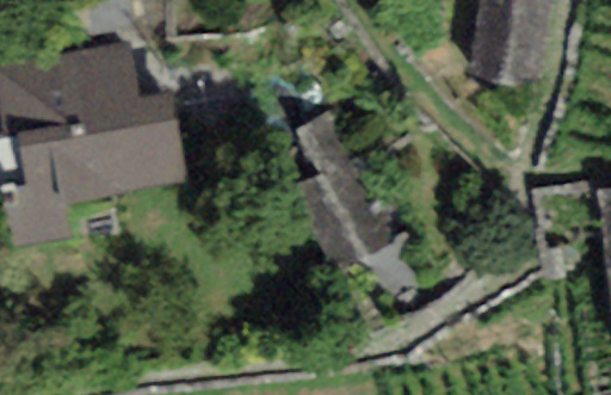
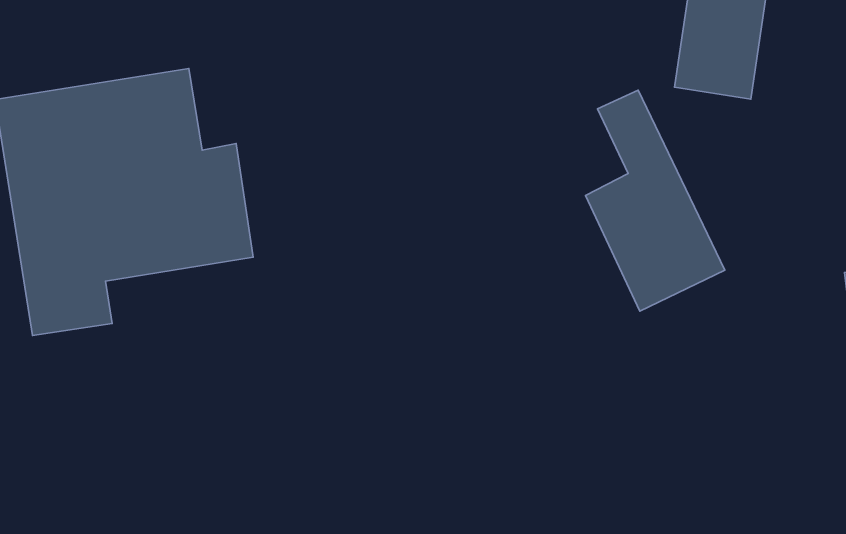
building: [292,112,390,267] -> [586,90,725,311]

